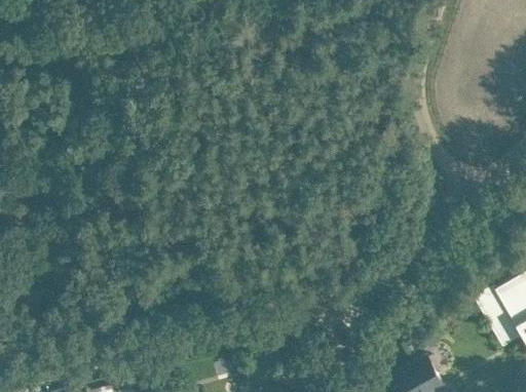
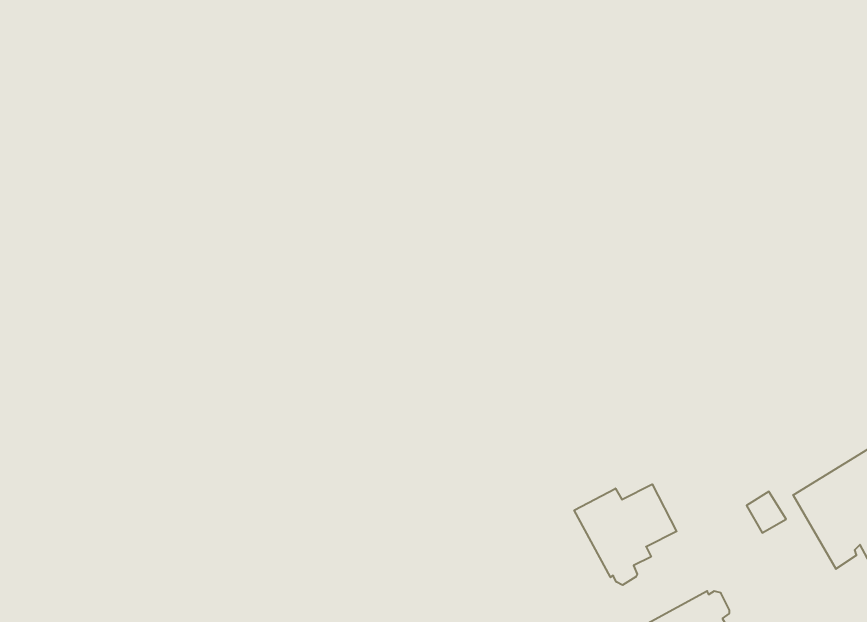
building: none -> [574,484,677,585]

